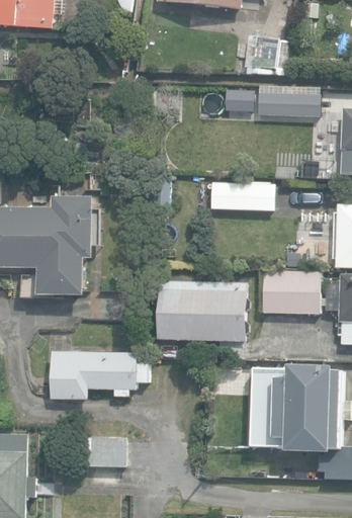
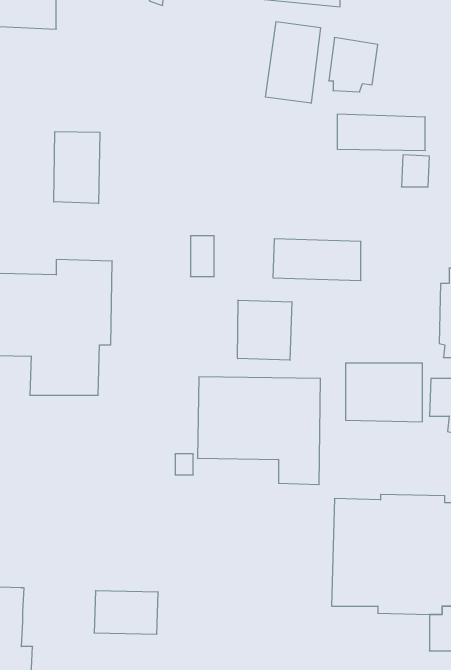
building: none -> [266,22,320,103]
building: none -> [54,132,100,204]
building: none -> [238,300,292,360]
building: [51,349,150,399] -> none

